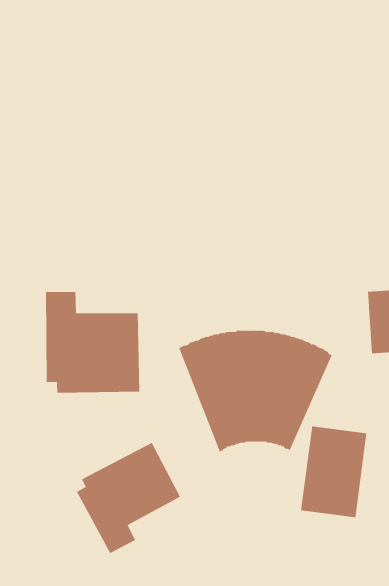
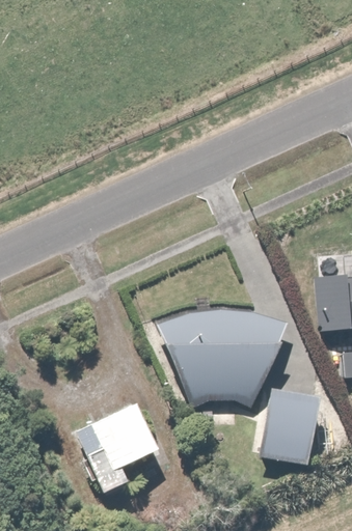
building: [45,291,140,394] -> none

